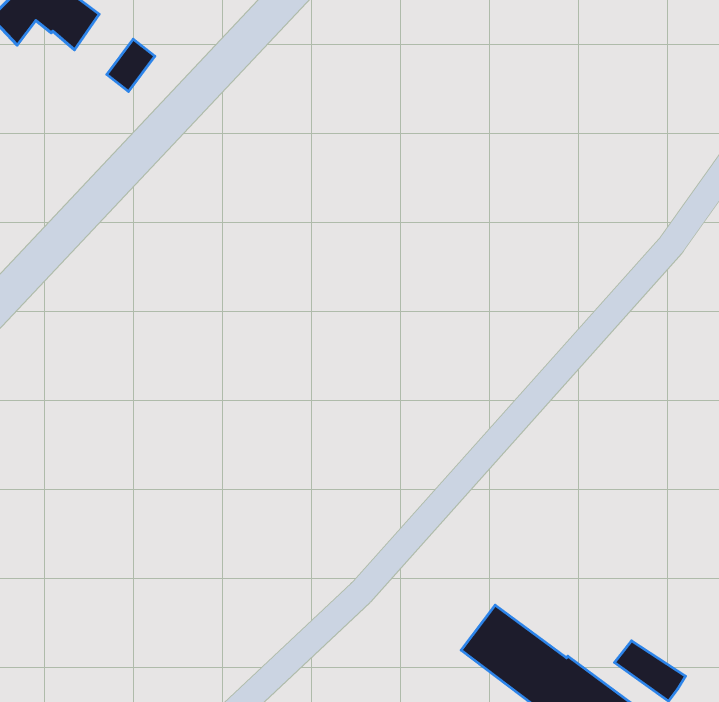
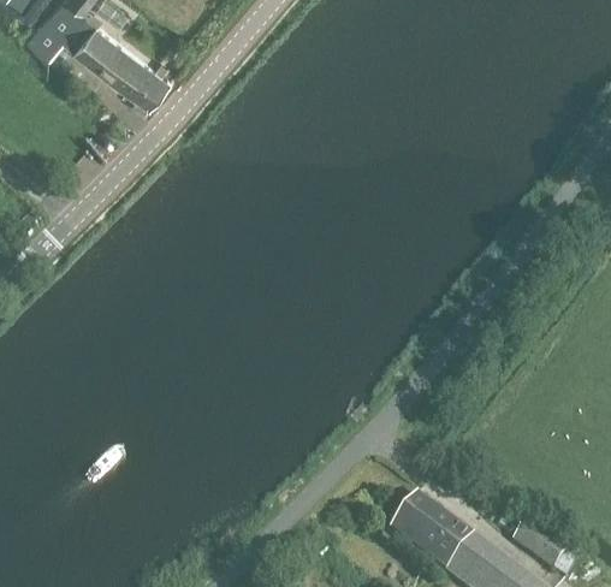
building: none -> [94,36,140,83]
building: none -> [134,69,173,114]

